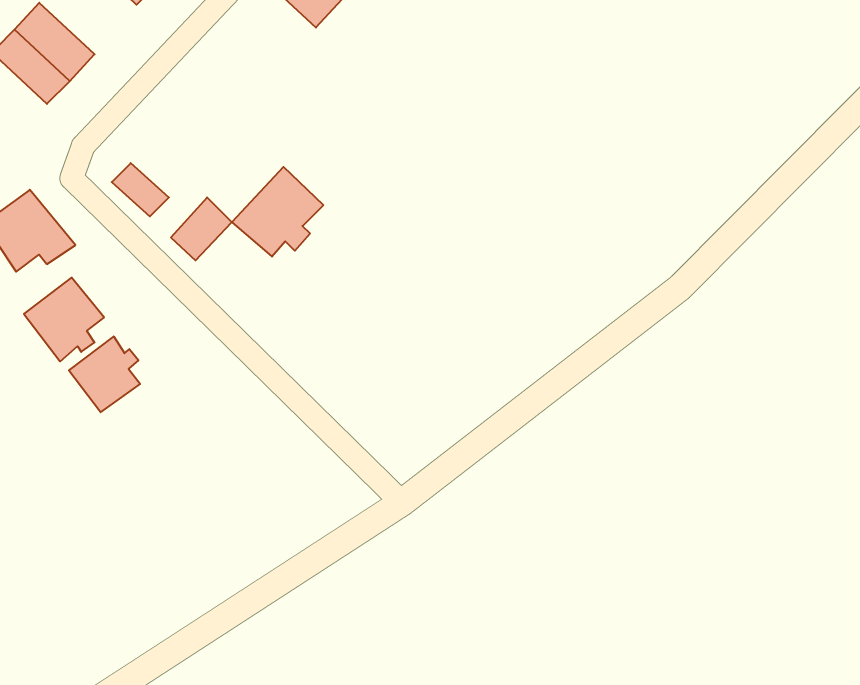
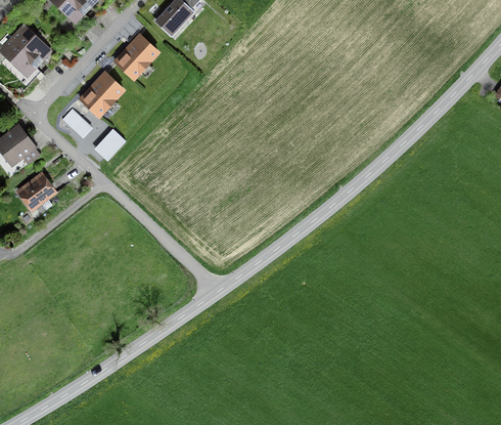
building: none -> [111,33,160,81]
building: [232,167,323,257] -> [77,70,126,118]
building: [69,336,140,412] -> none

